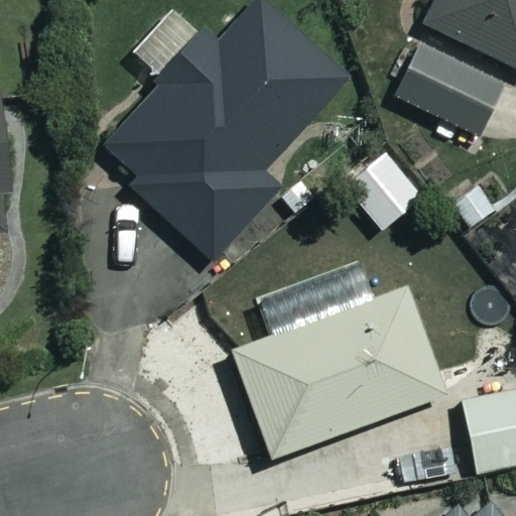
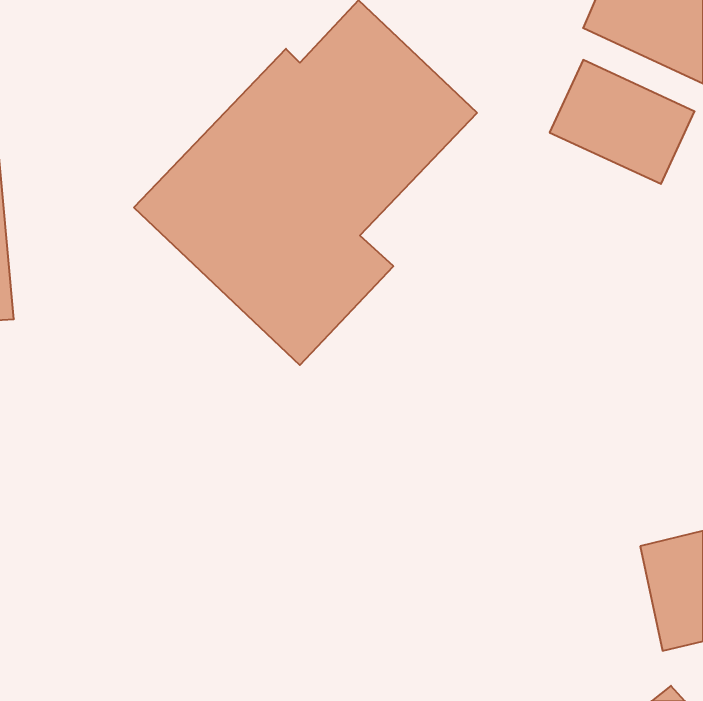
building: [234,288,444,458] -> none

